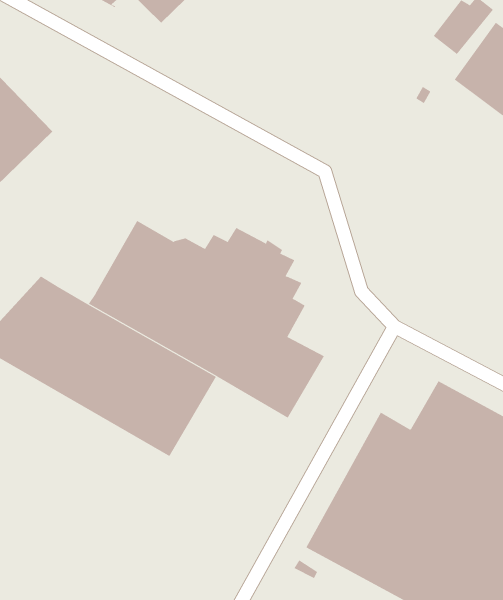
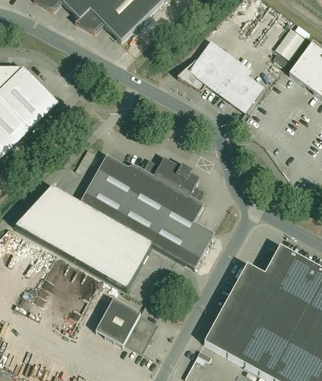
building: none -> [177,45,263,110]
building: none -> [95,297,157,351]

